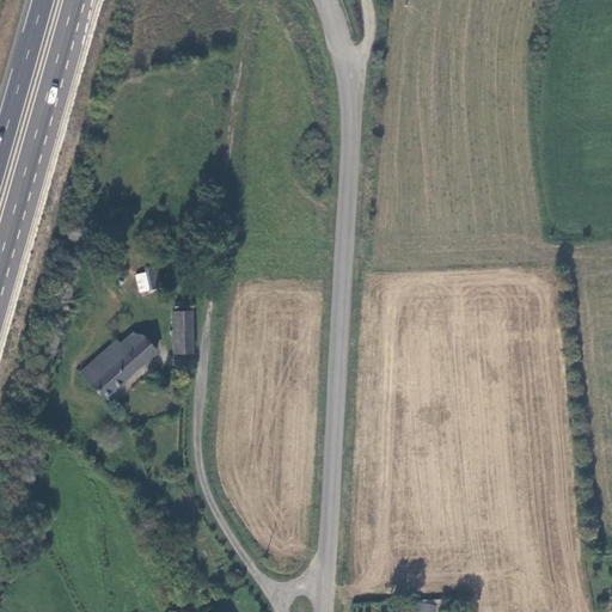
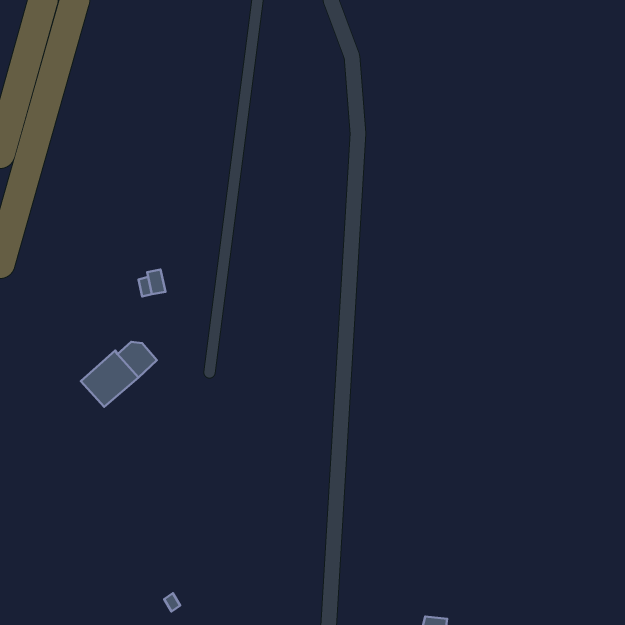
building: [172,311,192,354] -> none

